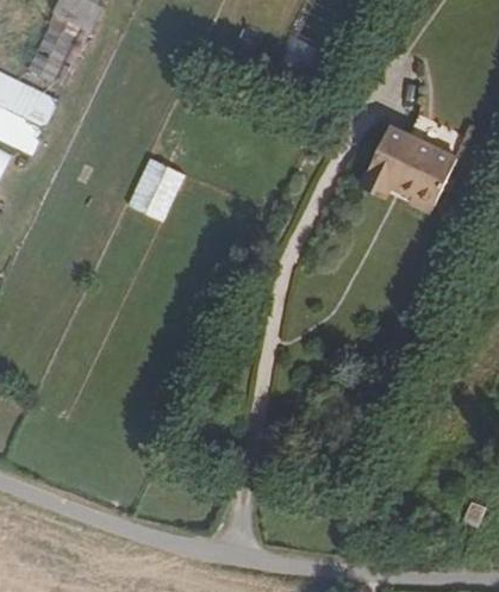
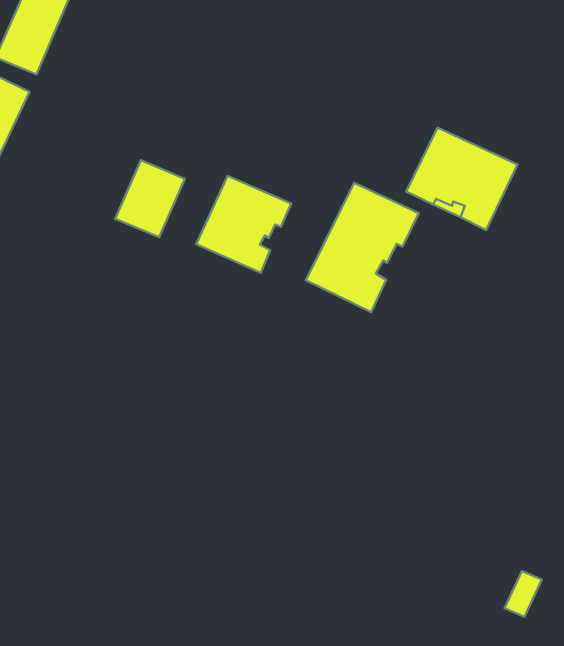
building: none -> [196,176,291,273]
building: none -> [306,183,419,312]

